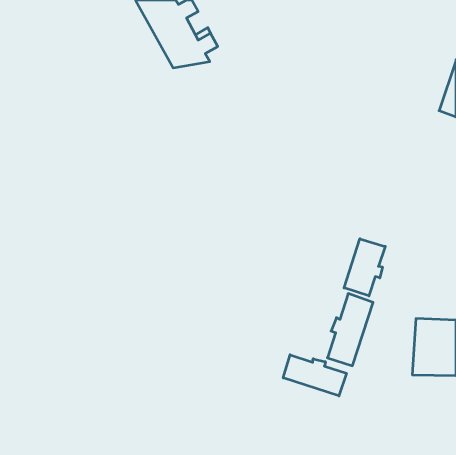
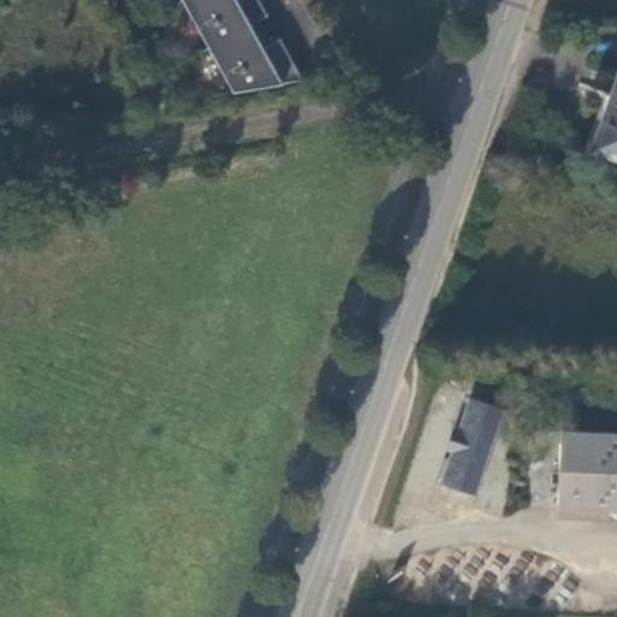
building: [344,239,385,296] -> none
building: [283,355,346,396] -> none

